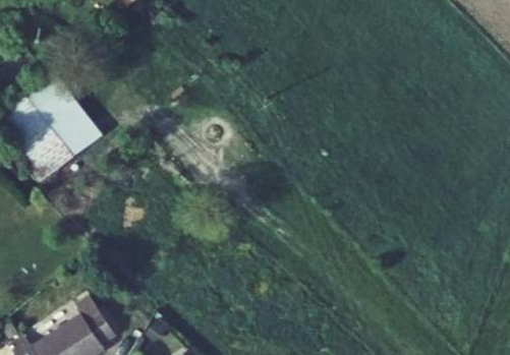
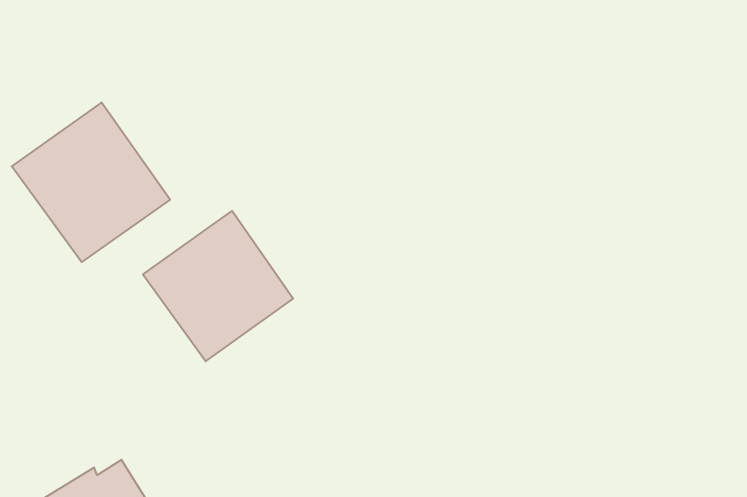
building: none -> [143,211,293,361]

